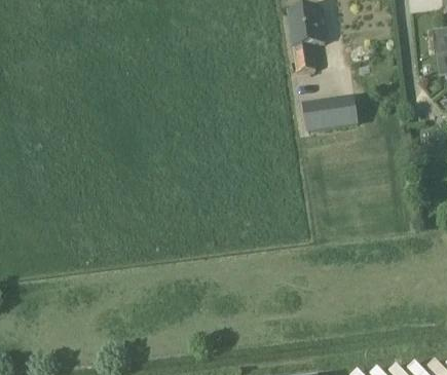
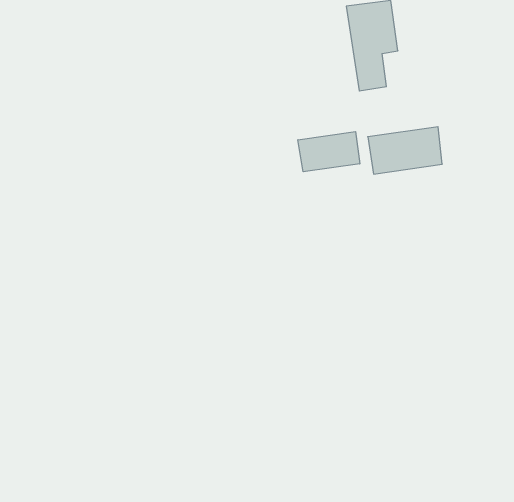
building: none -> [298,132,360,172]

